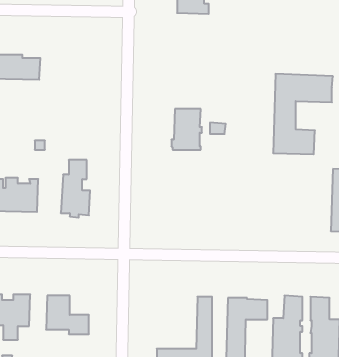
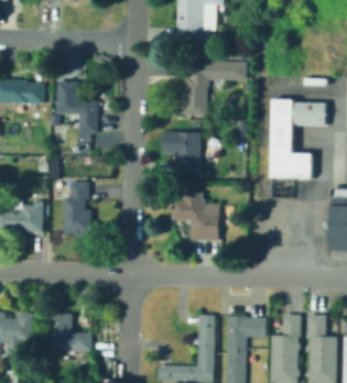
building: none -> [183,61,250,116]
building: none -> [56,80,98,139]
building: none -> [171,192,219,241]

